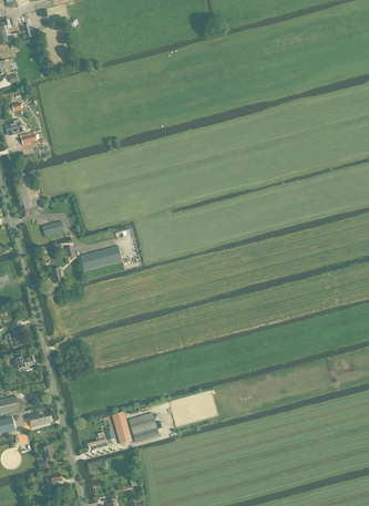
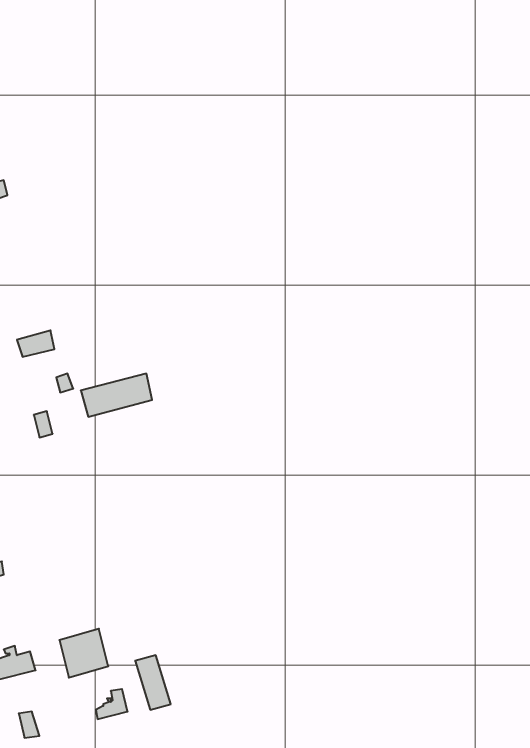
building: [129,412,157,441] -> [59,629,108,678]

